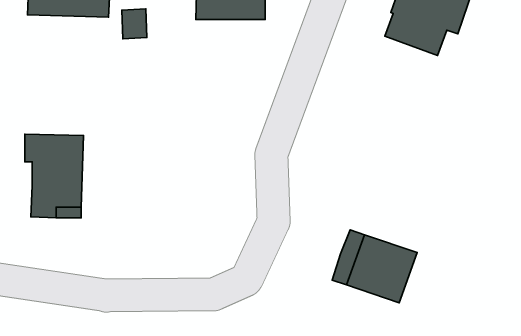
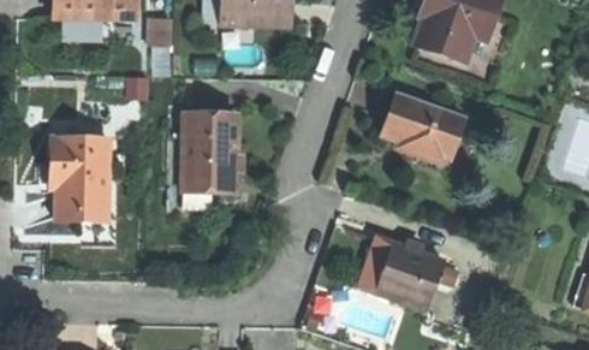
building: none -> [381,93,468,164]
building: none -> [182,115,236,190]

